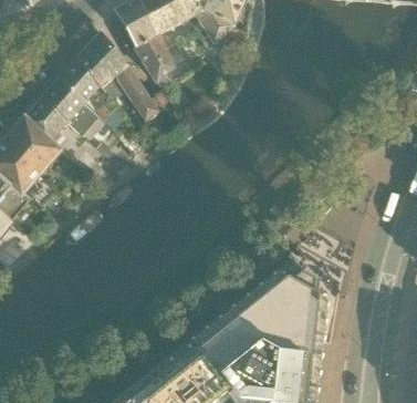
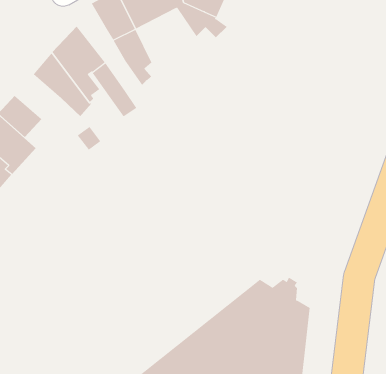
building: [39,81,83,124] -> none

